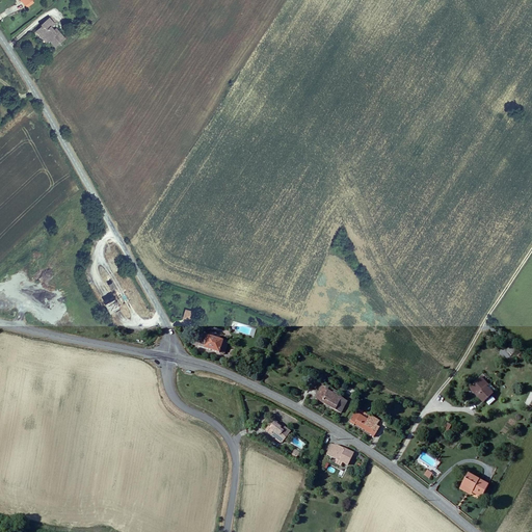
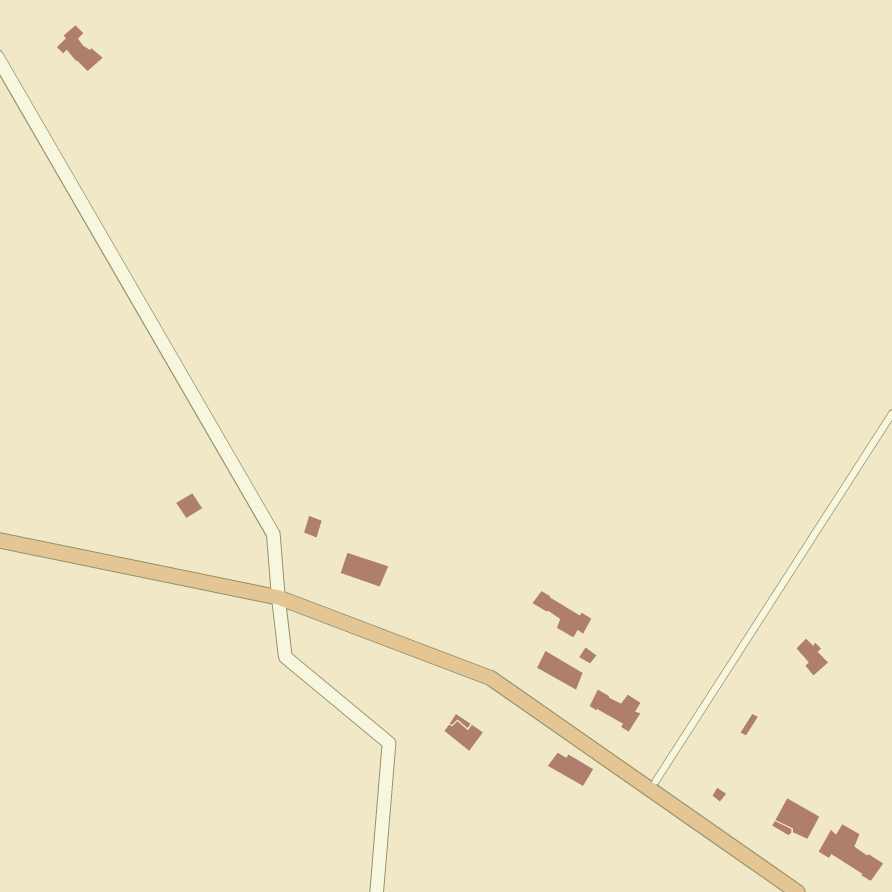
building: none -> [532,590,592,638]
building: none -> [818,823,884,882]

